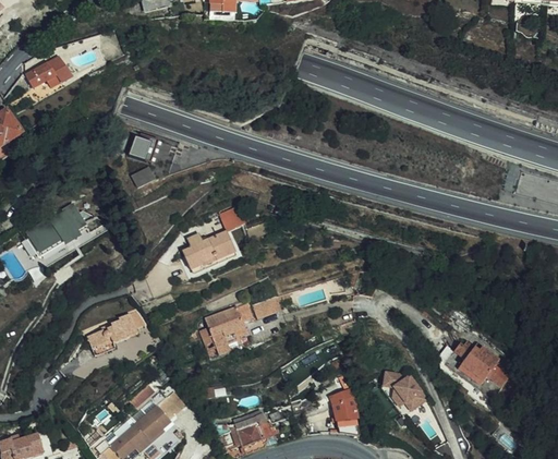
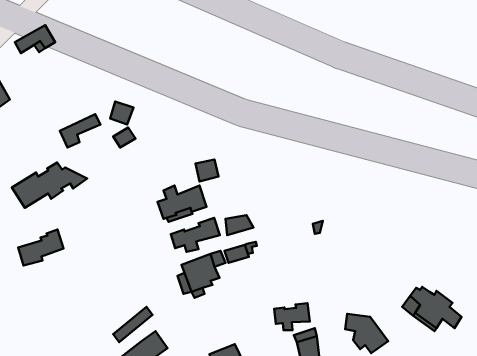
building: none -> [60,114,100,148]
building: none -> [225,215,254,235]
building: none -> [171,218,220,252]
building: [87,314,136,353] -> [18,229,63,265]
building: none -> [274,303,310,330]

